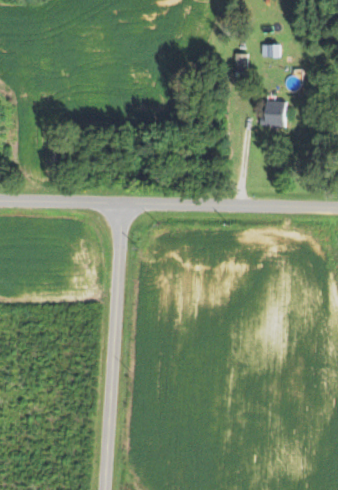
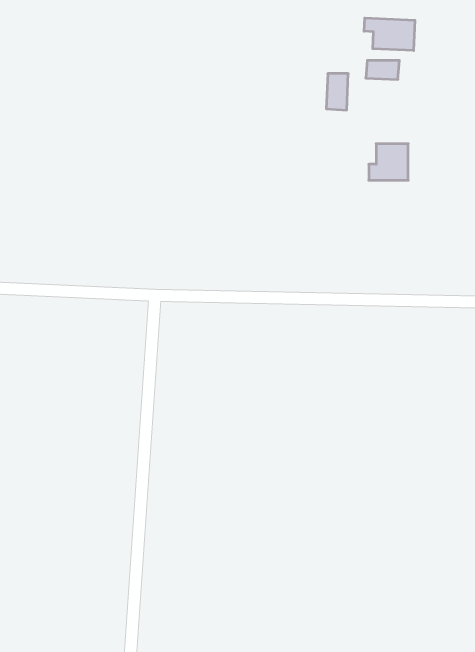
building: none -> [364,18,415,51]

